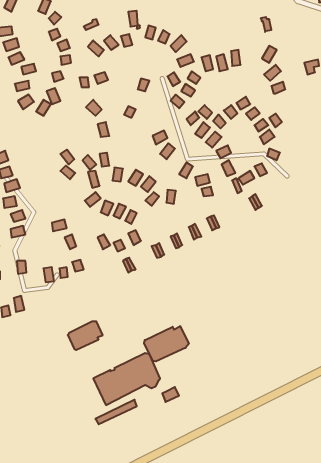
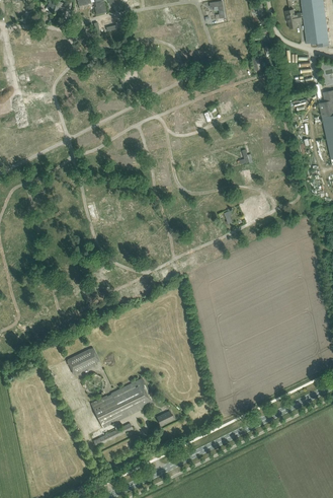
building: [144,326,189,361] -> none

